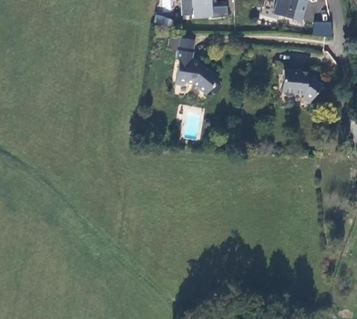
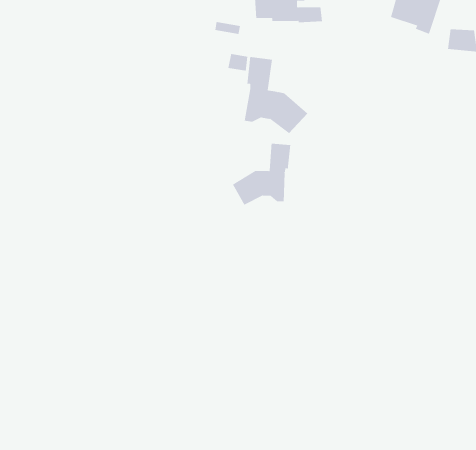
building: [282,69,322,101] -> none
building: none -> [232,143,291,206]

